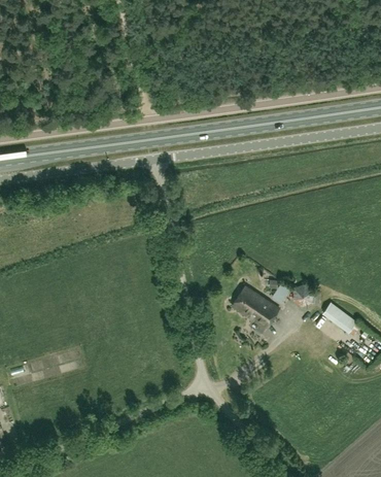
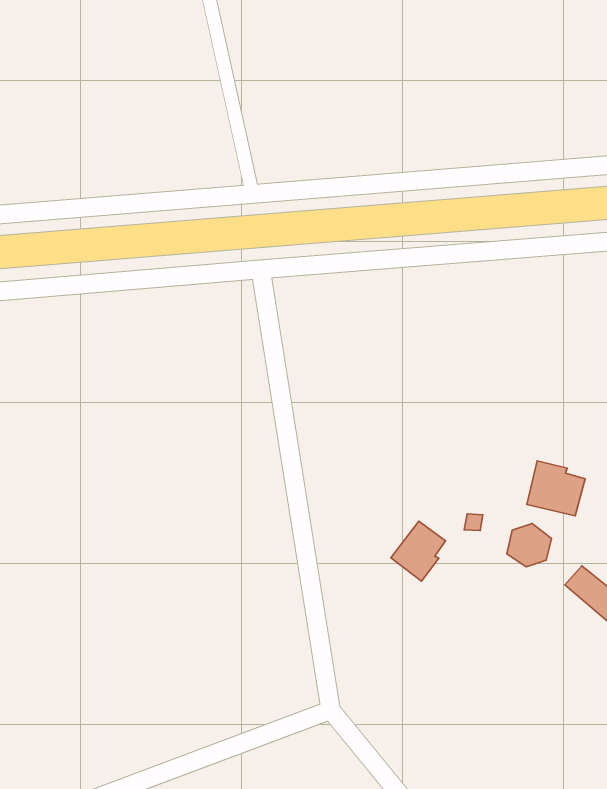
building: none -> [527,461,585,516]
building: [247,295,278,329] -> none

